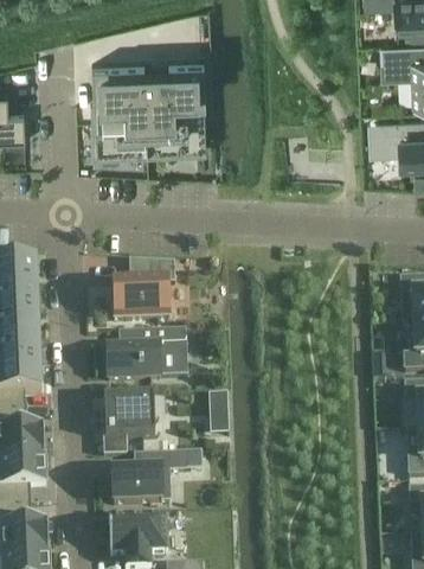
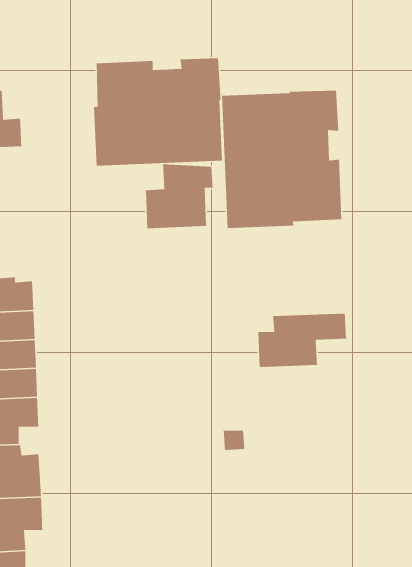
building: none -> [221,90,342,229]
building: [114,260,175,319] -> [145,164,213,229]
building: [107,328,187,378] -> [258,313,347,368]
building: [104,396,155,439] -> none
building: [111,452,186,503] -> none

